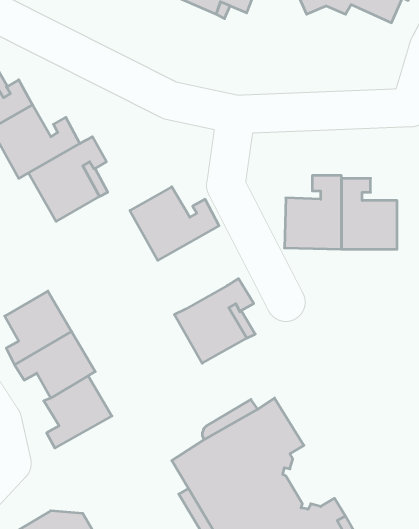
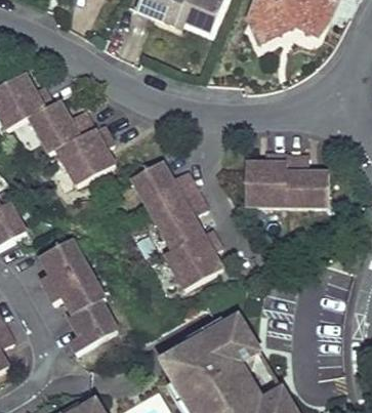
building: none -> [151,188,207,249]

